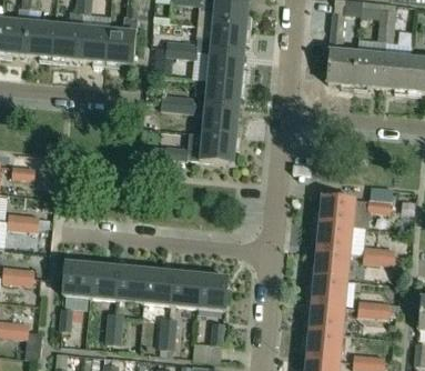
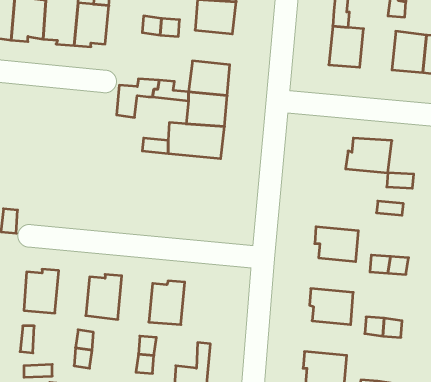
building: [353,50,384,86] -> none
building: [209,51,243,81] -> none
building: [315,194,355,224] -> [346,138,392,173]
building: [311,248,350,278] -> none
building: [90,259,120,298] -> none
building: [144,263,174,303] -> none
building: [199,269,229,309] -> none
building: [305,302,345,332] -> none

